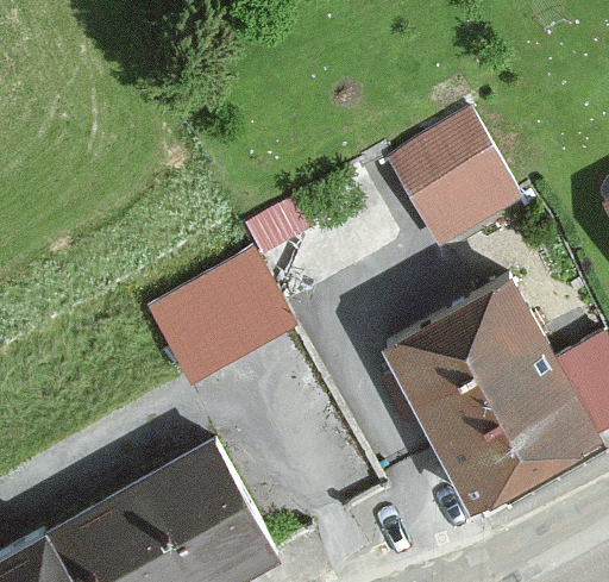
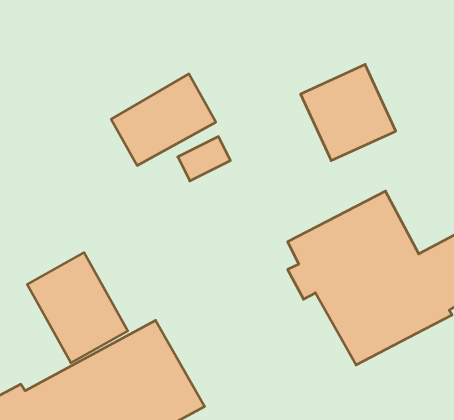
building: [152,261,287,378] -> [111,74,216,165]
building: none -> [27,253,128,363]

